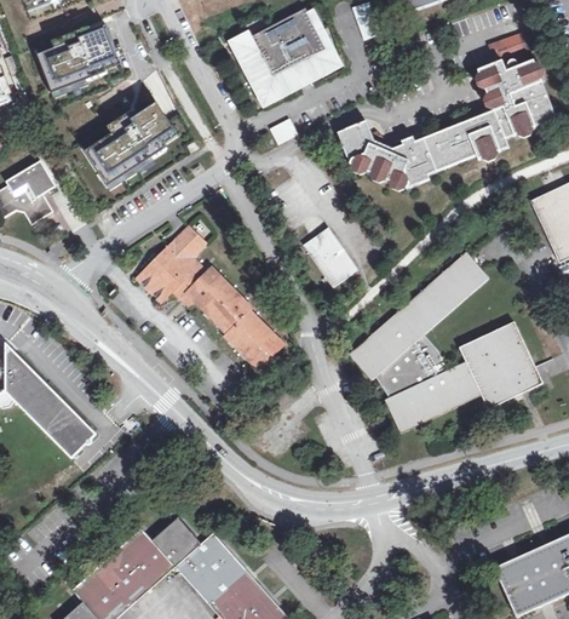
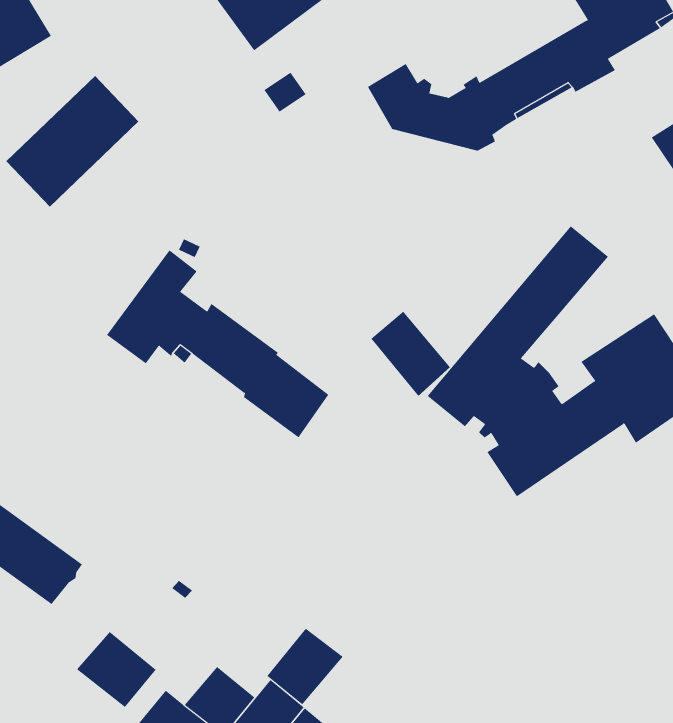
building: [297,228,349,288] -> [370,311,451,397]
building: none -> [76,631,157,708]
building: none -> [267,628,344,705]

